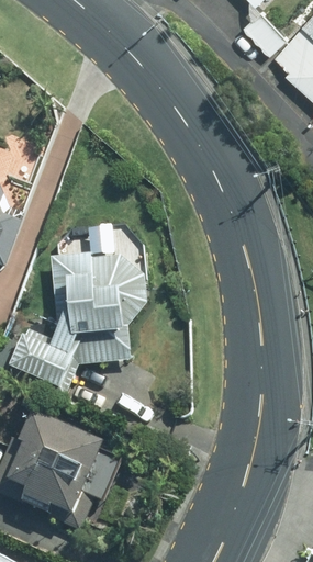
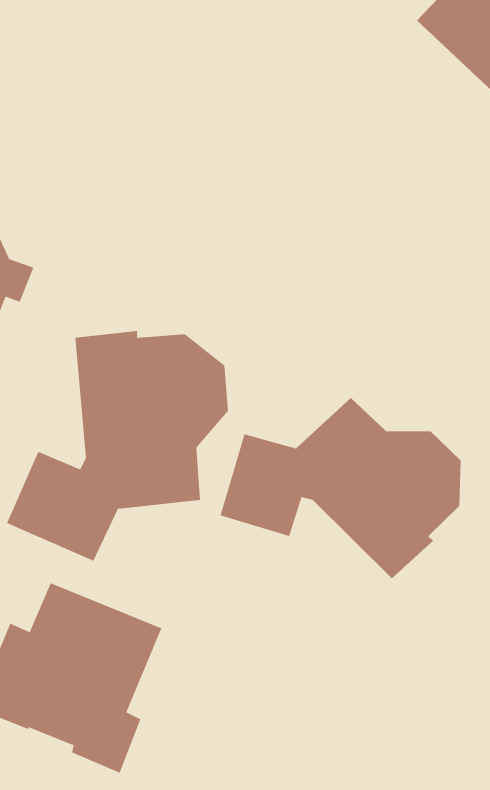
building: none -> [220,397,461,579]

